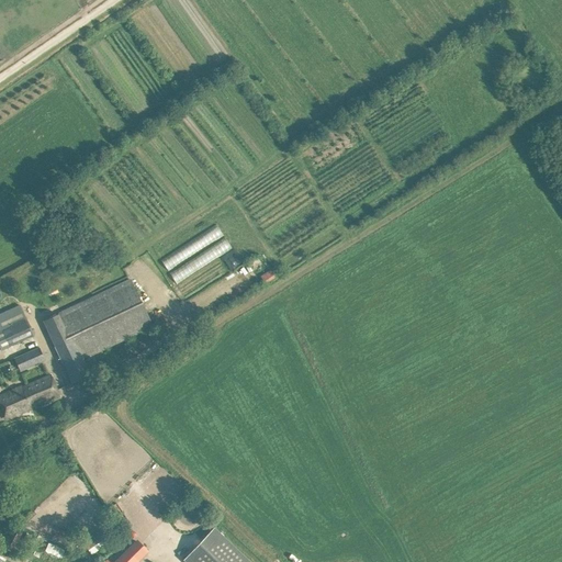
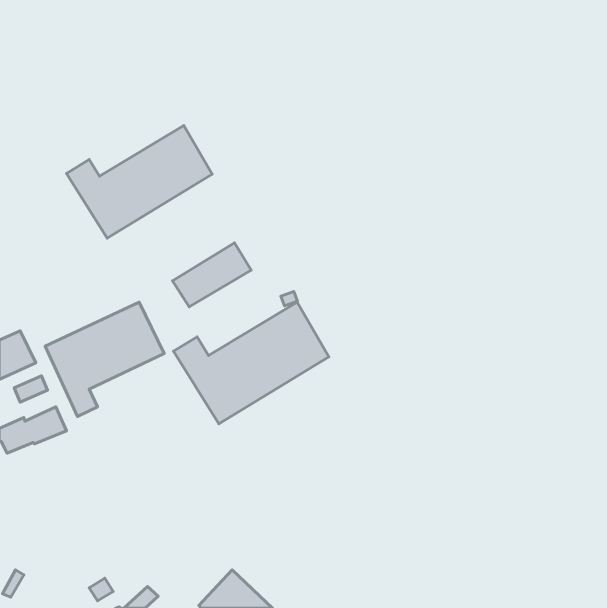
building: none -> [67,126,212,238]
building: none -> [173,302,329,424]

